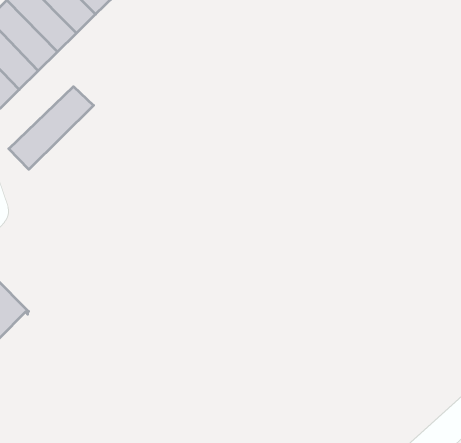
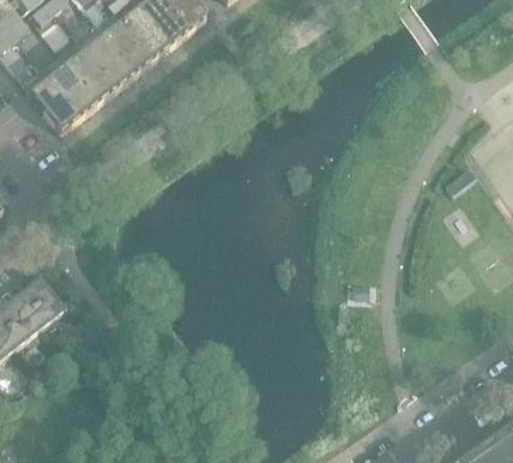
building: [9,87,94,169] -> none

